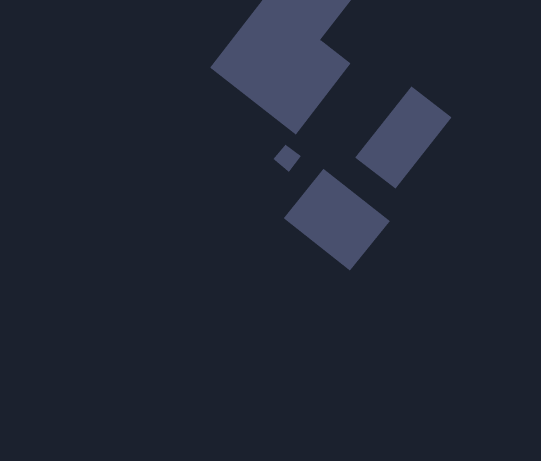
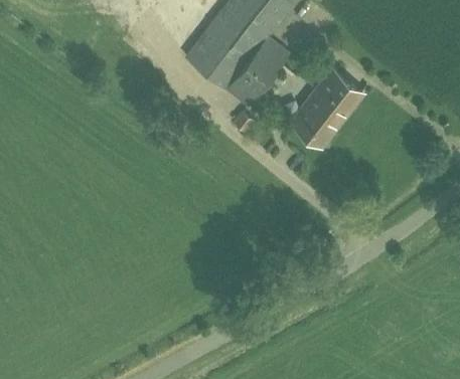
building: [283,168,391,272] -> none

